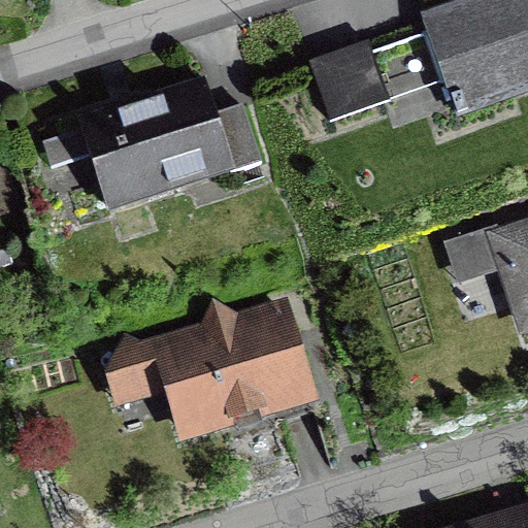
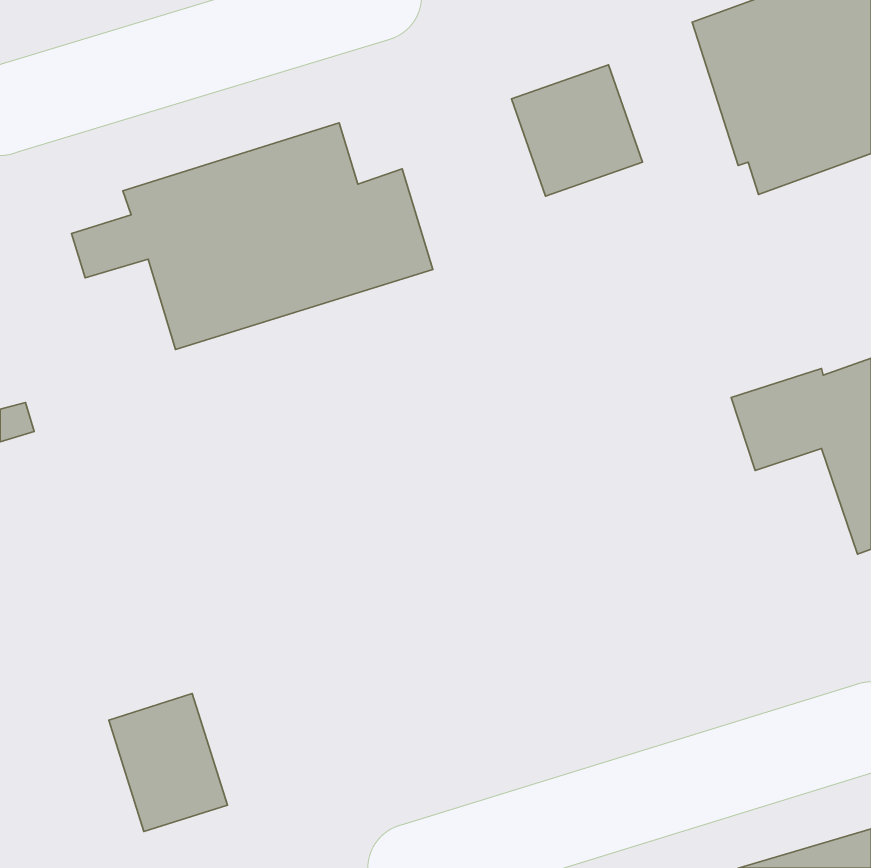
building: [104,297,321,443] -> none
building: none -> [109,694,227,832]

